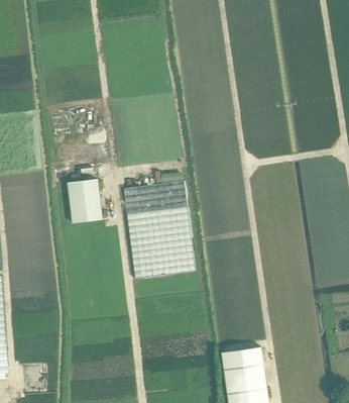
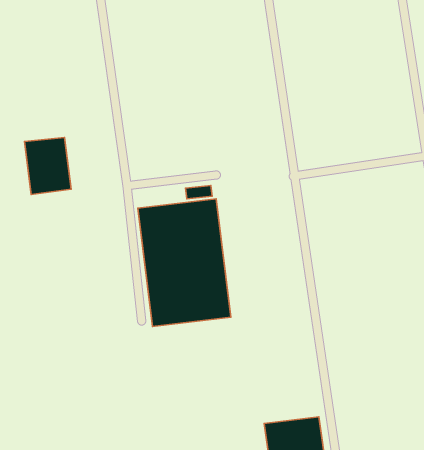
building: [67,179,102,222] -> [25,137,71,195]

